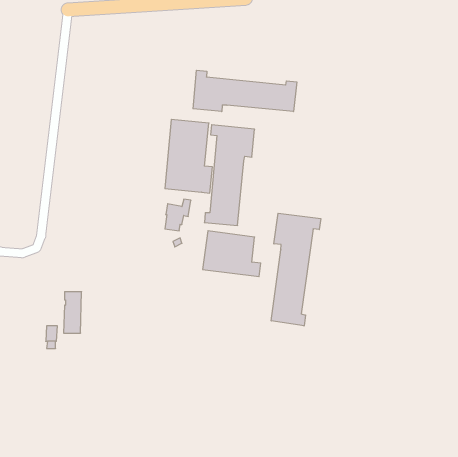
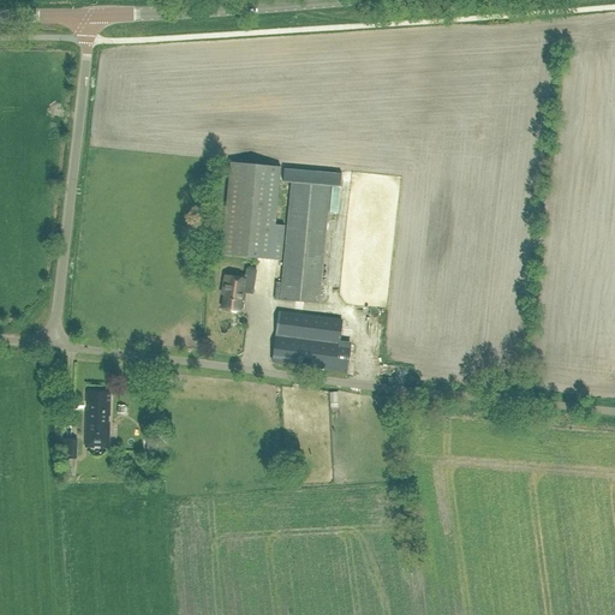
building: [193,70,297,112] -> none
building: [271,213,321,326] -> none

